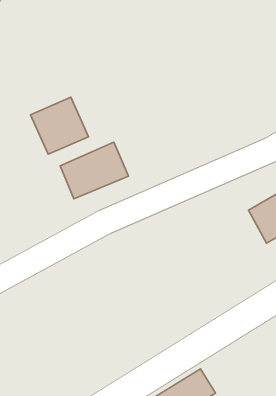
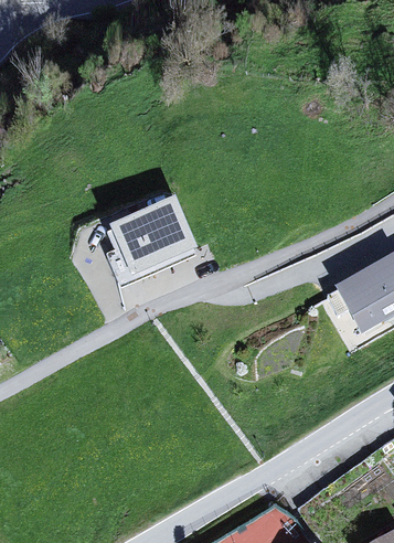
building: [31,97,88,154] -> none

